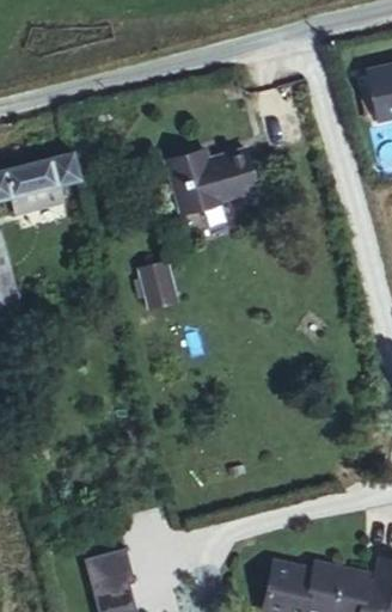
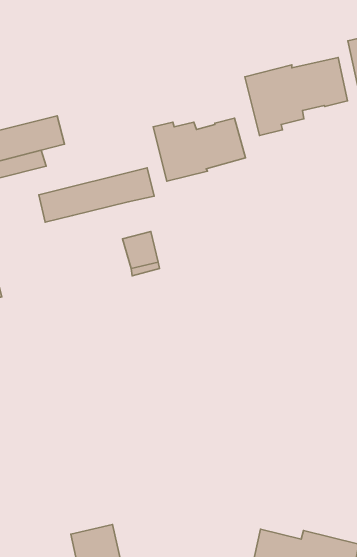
building: none -> [245,58,348,135]
building: none -> [39,168,154,222]

